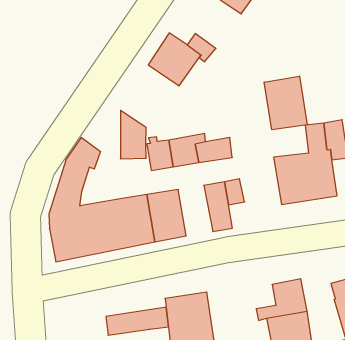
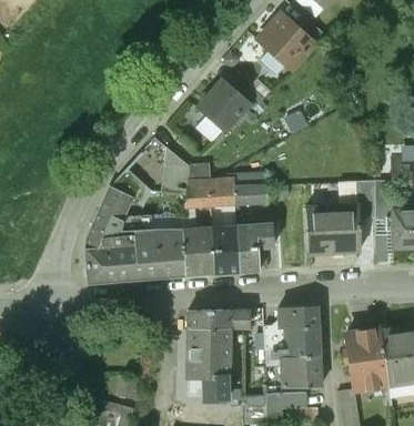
building: [264,76,307,130] -> none
building: none -> [212,227,240,273]
building: none -> [263,307,317,351]
building: [106,307,169,335] -> [188,310,245,329]

